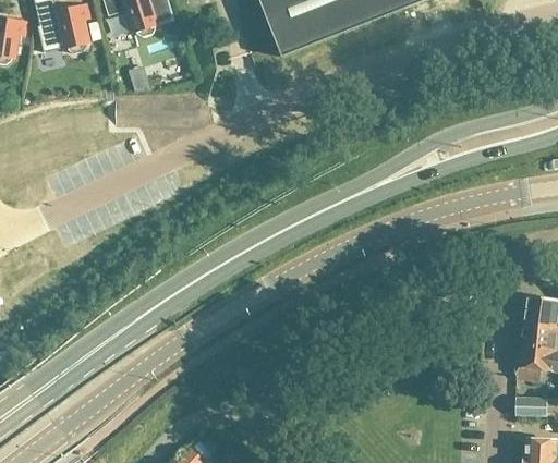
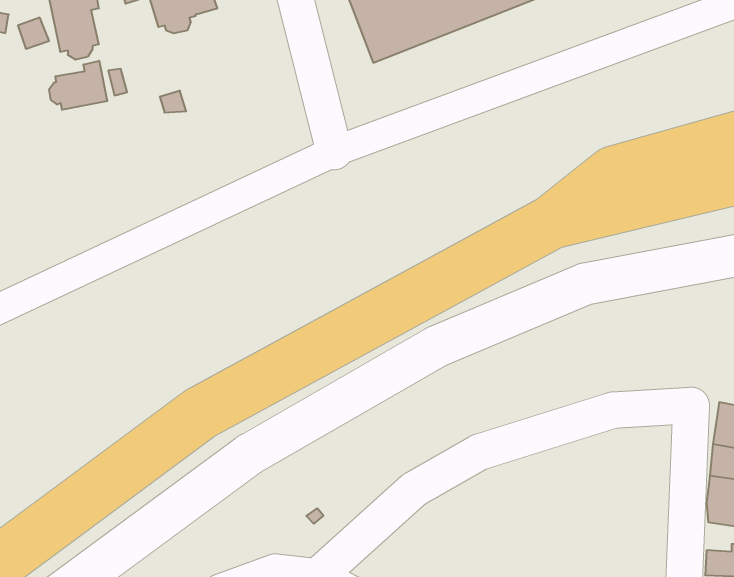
building: none -> [49,61,107,110]

